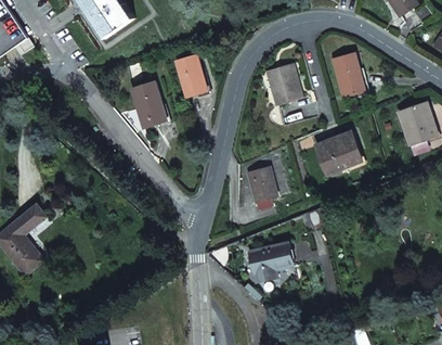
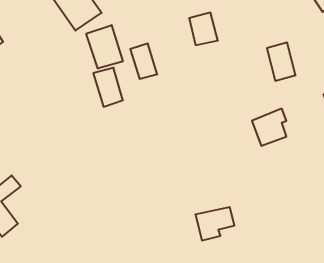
building: none -> [86,25,123,69]
building: [266,63,300,101] -> [189,13,218,45]
building: [245,169,274,210] -> none

